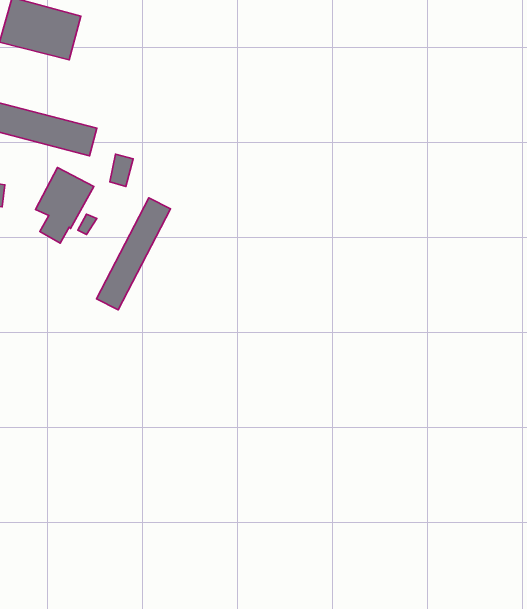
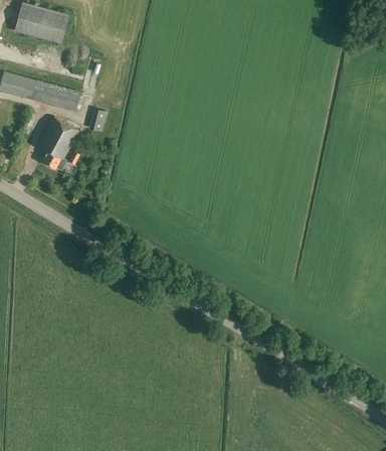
building: [96,198,171,310] -> none

